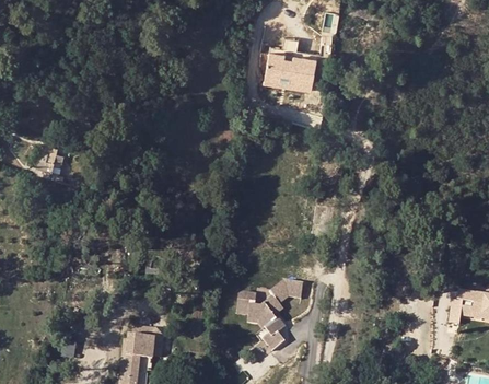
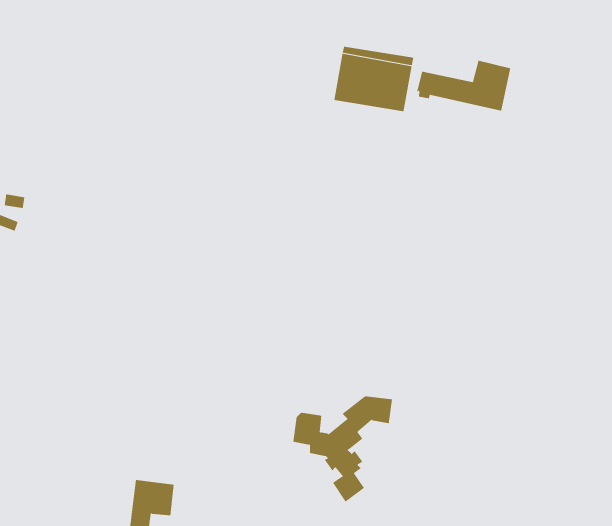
building: none -> [416,60,511,112]

